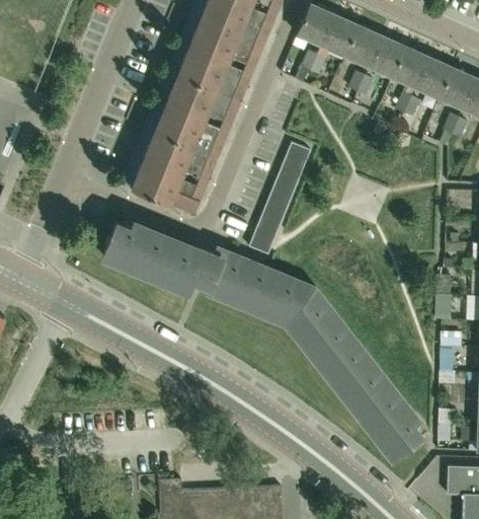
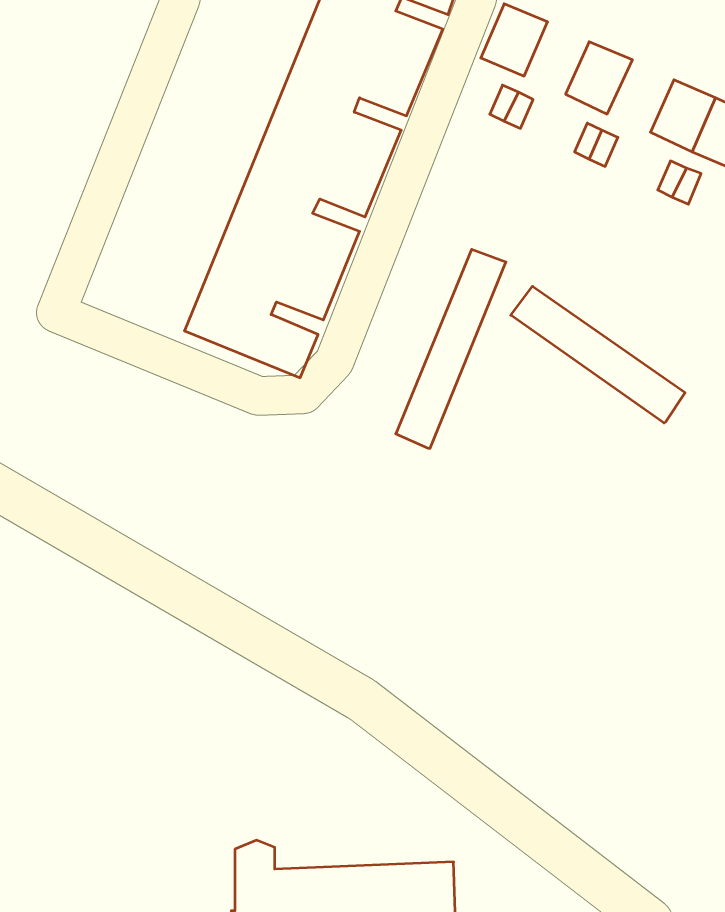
building: [320,14,356,55] -> none
building: [367,35,404,76] -> none
building: none -> [511,286,685,423]
building: [102,223,420,459] -> none

